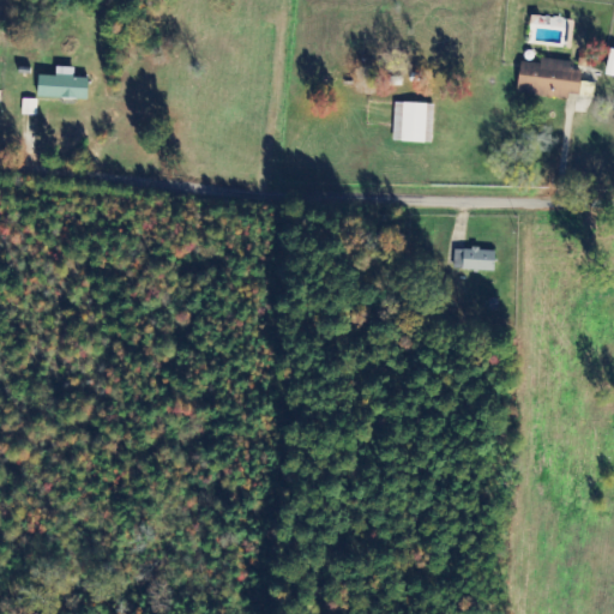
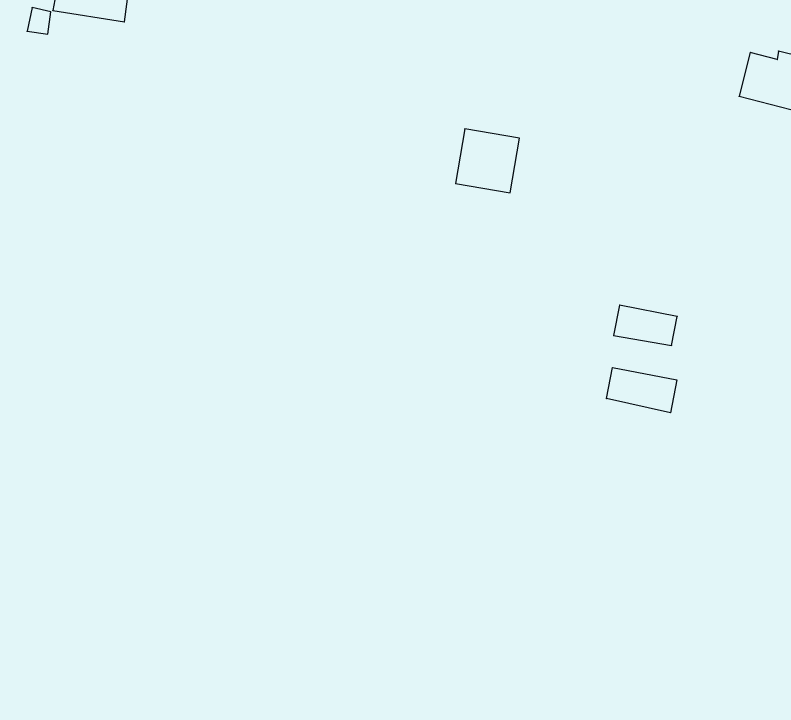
building: [393,102,433,142] -> [456,129,519,193]
building: none -> [606,368,677,413]

